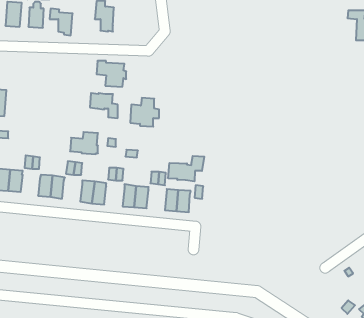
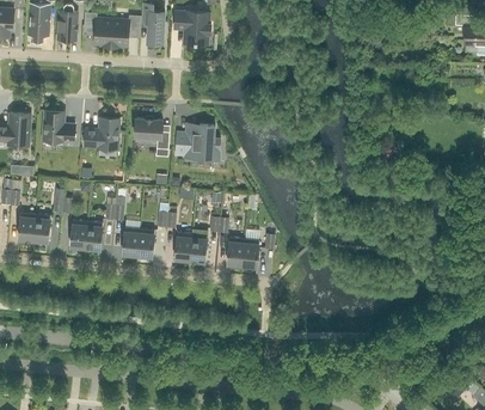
building: none -> [110,16,140,47]
building: [97,61,126,87] -> [173,12,210,44]
building: none -> [43,114,74,142]
building: [70,132,98,154] -> [84,122,118,149]
building: [168,156,204,181] -> none

